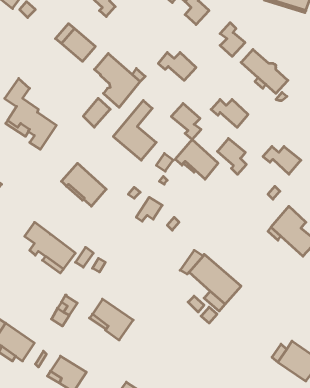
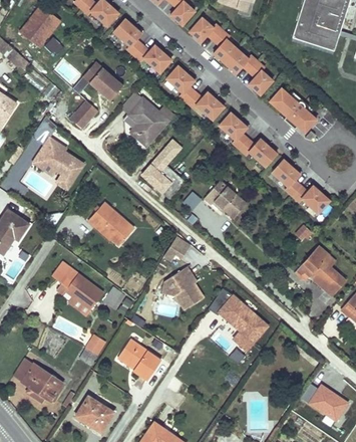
building: none -> [134,43,172,71]
building: none -> [225,48,259,72]
building: none -> [166,64,196,101]
building: [83,98,110,127] -> [71,99,98,129]
building: [171,103,201,139] -> [219,112,249,148]
building: [217,138,246,174] -> [272,159,301,195]
building: none -> [162,266,203,308]

